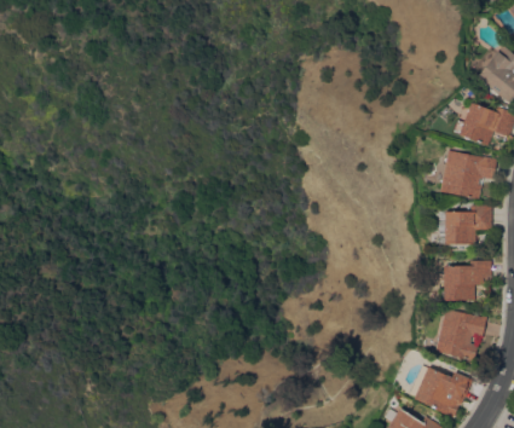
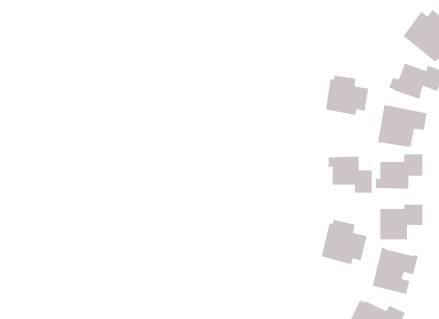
building: none -> [325,75,369,116]
building: none -> [328,156,373,194]
building: none -> [321,219,368,265]

